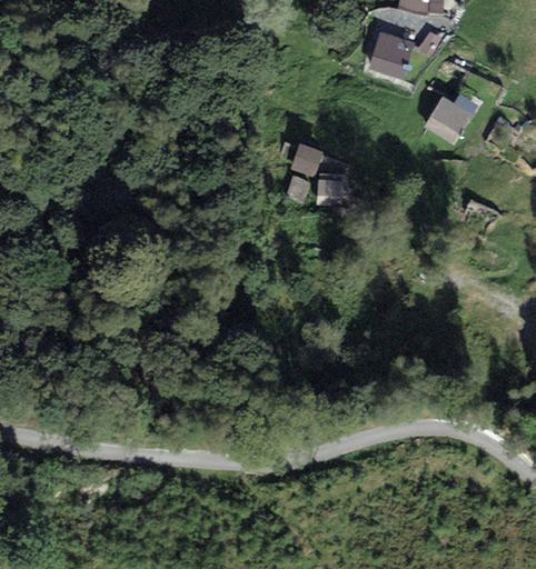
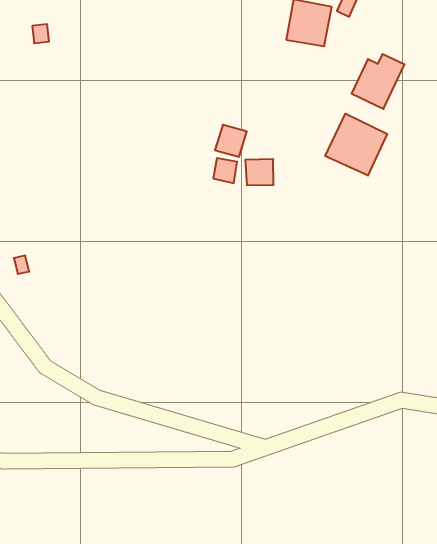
building: none -> [325,114,387,176]

